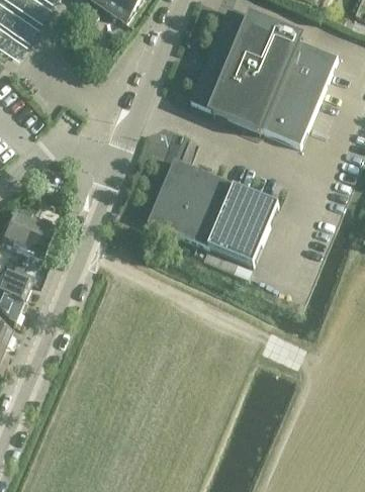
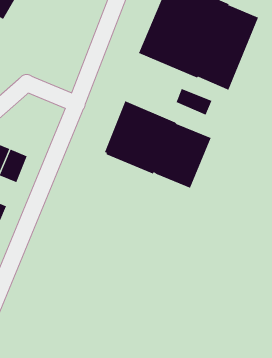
building: none -> [176,88,212,115]

